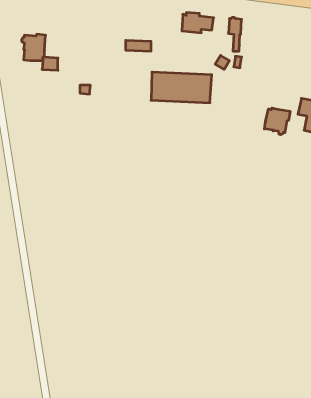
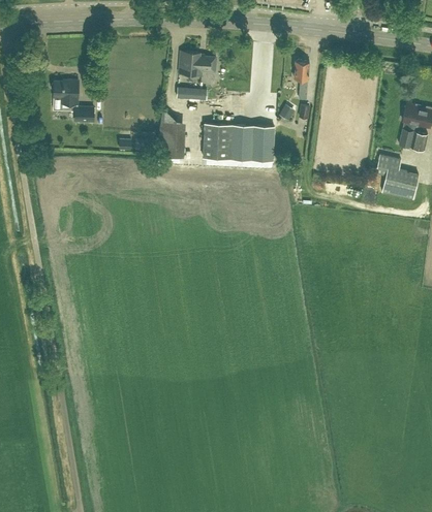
building: [182,13,214,33] -> [180,52,217,75]
building: none -> [154,116,182,156]
building: [264,108,290,135] -> none

